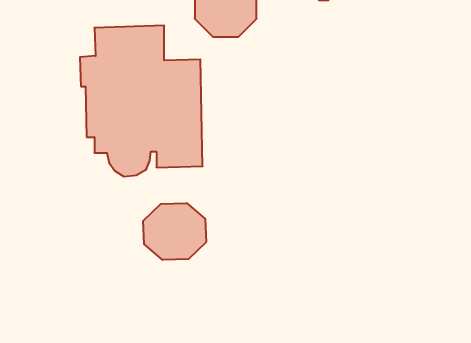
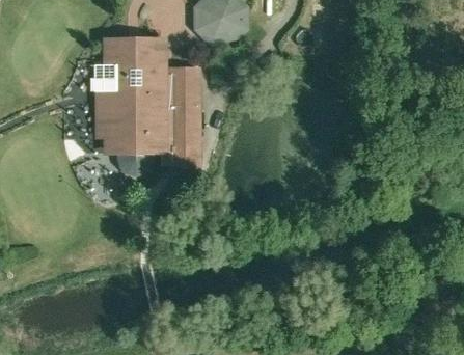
building: [143,203,206,260] -> none

